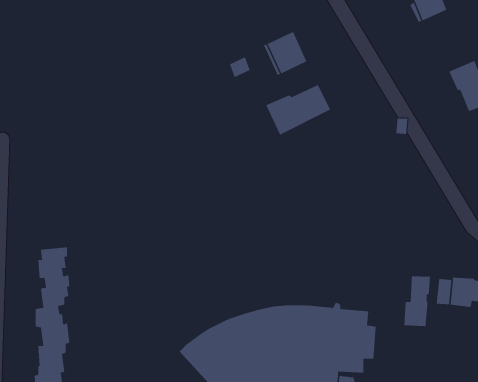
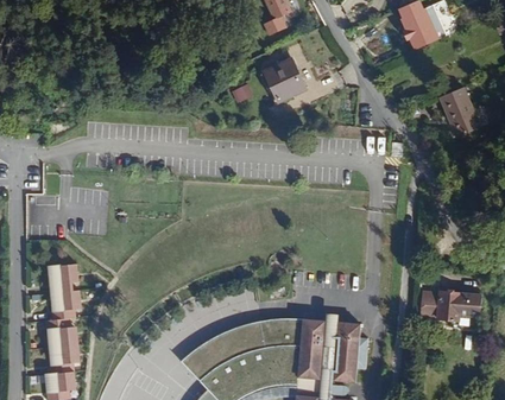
building: [266,84,331,136] -> none
building: [404,275,431,327] -> none

